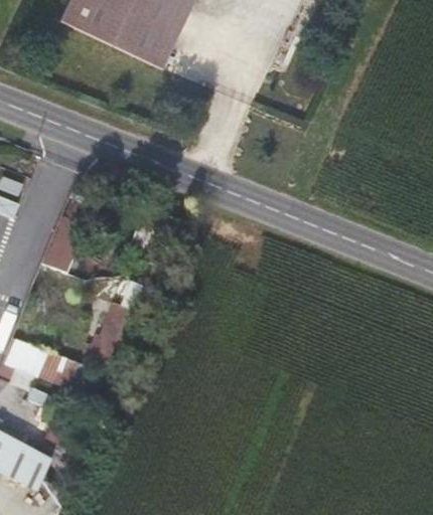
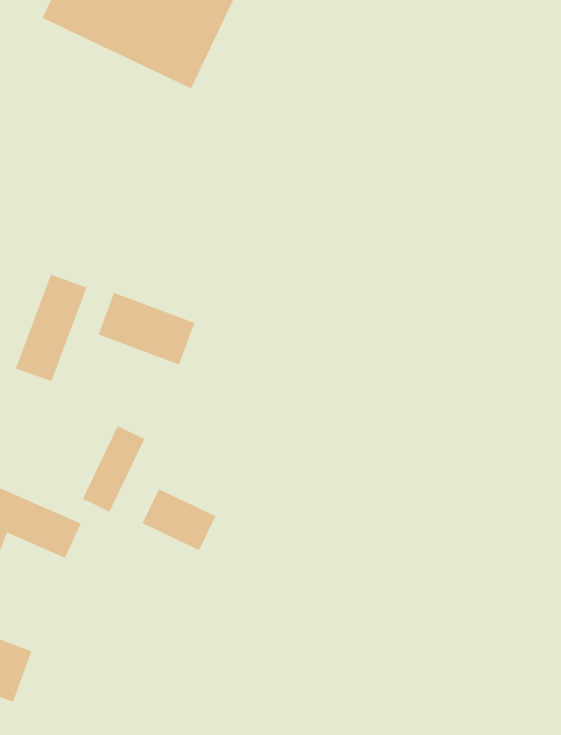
building: none -> [97,292,196,365]
building: none -> [142,488,217,551]

